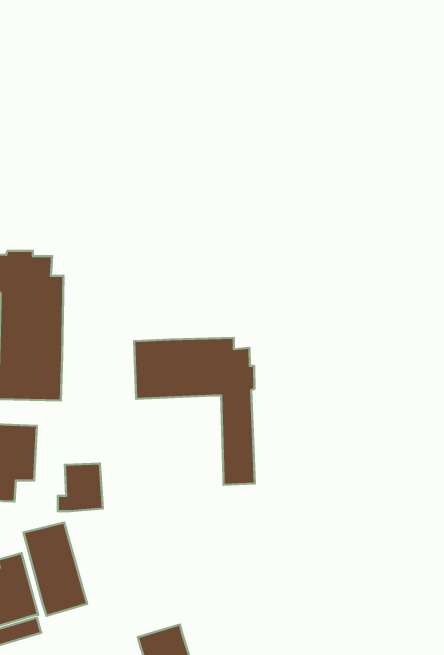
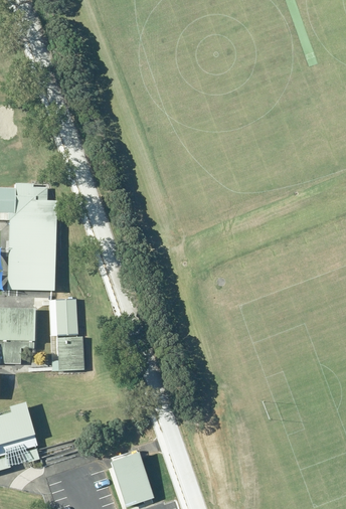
building: [134,338,255,485] -> none
building: none -> [57,299,78,333]
building: [24,523,87,616] -> none

